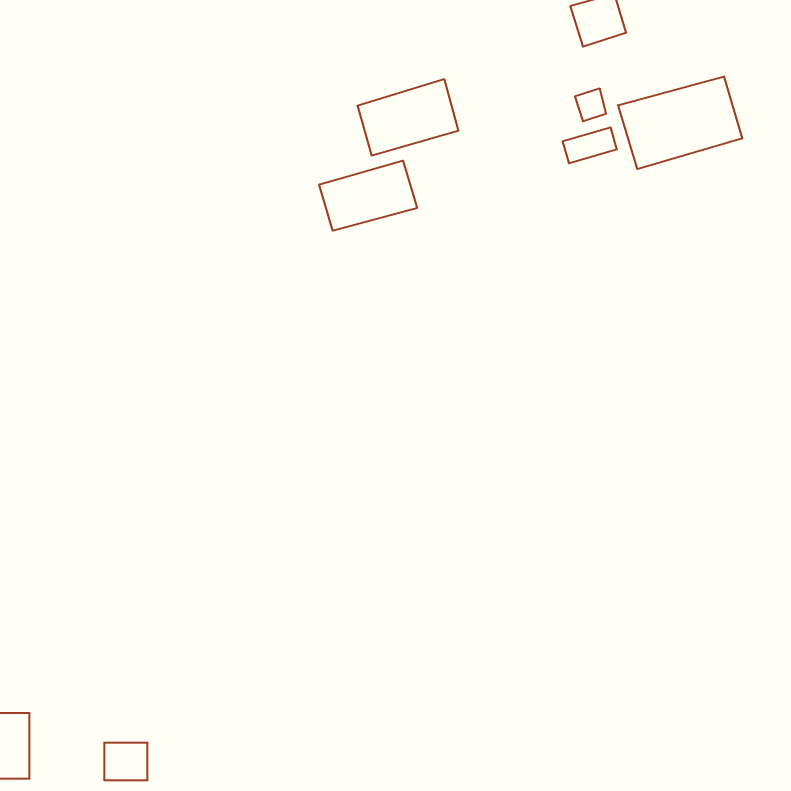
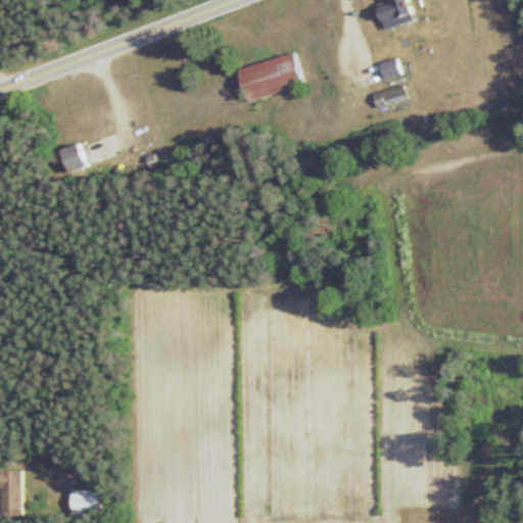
building: [618,76,742,169] -> none
building: [319,161,417,231] -> none
building: none -> [57,141,85,172]

